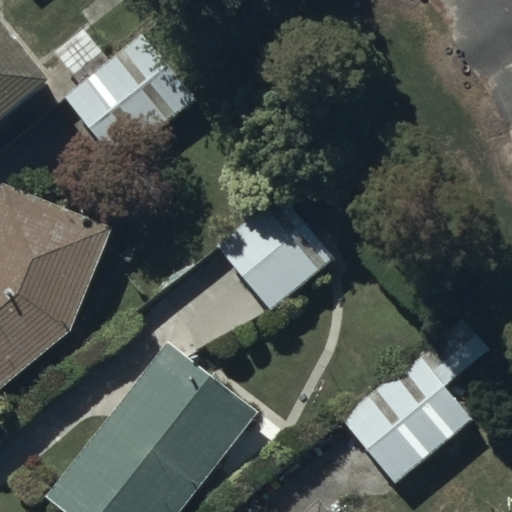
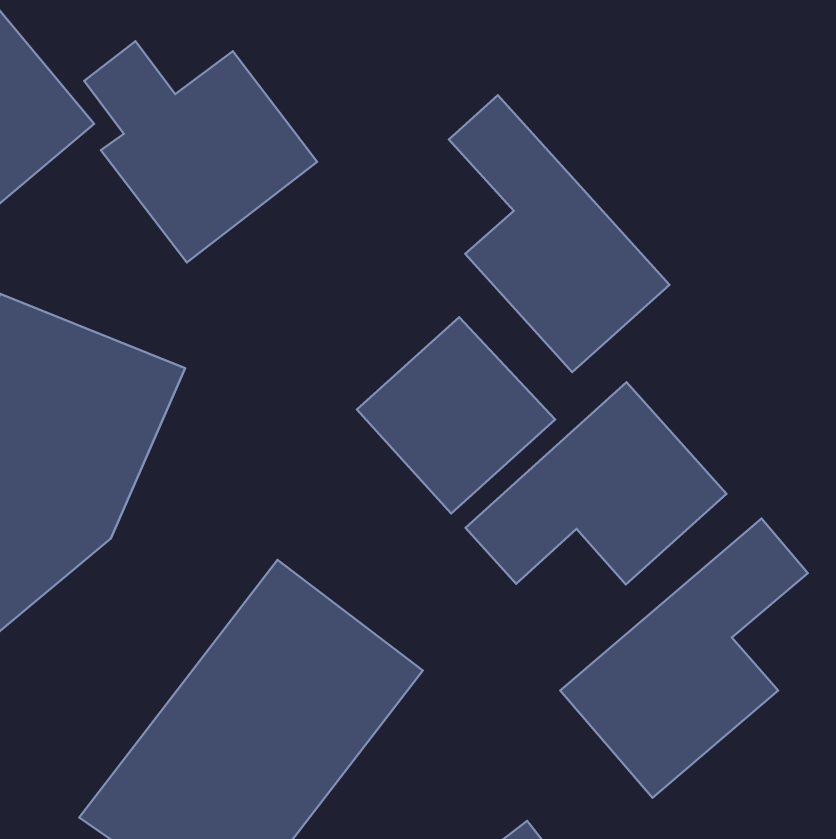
building: none -> [449,95,670,372]
building: none -> [465,382,727,585]

